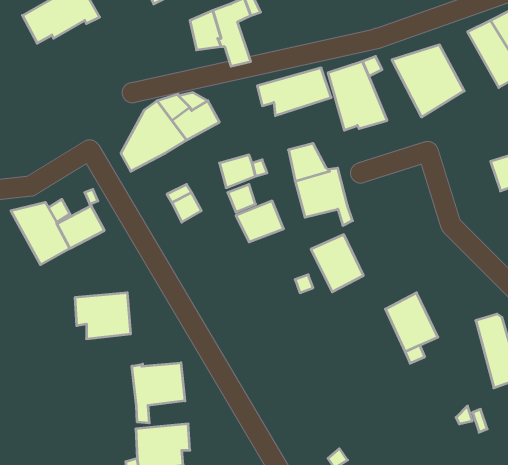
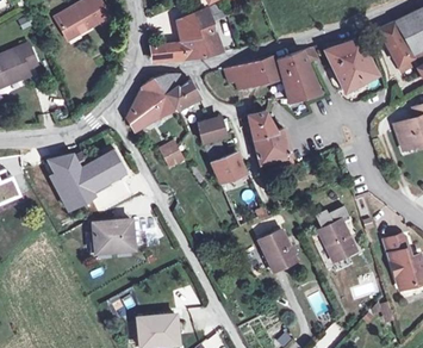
building: none -> [151,41,206,62]
building: [311,235,363,292] -> [257,230,296,272]
building: [132,363,185,423] -> none

